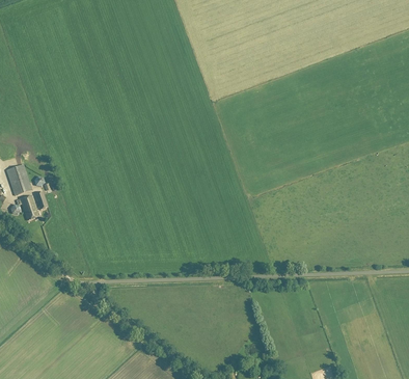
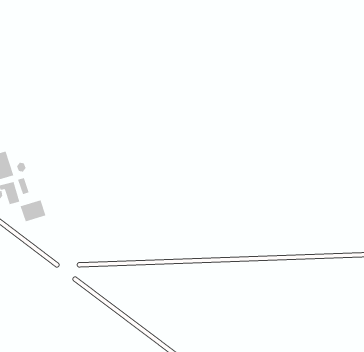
building: none -> [20,200,46,222]

